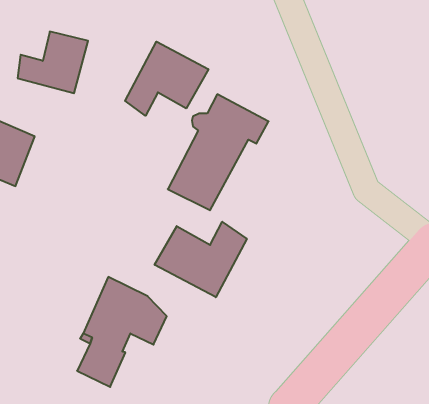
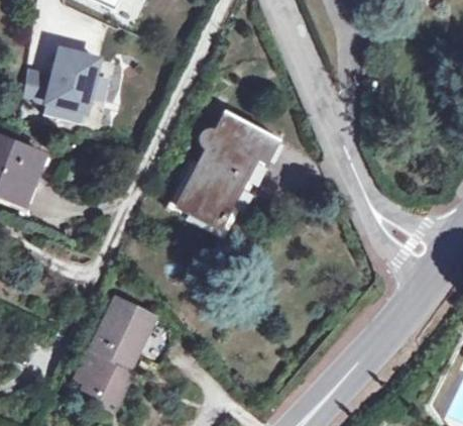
building: [125,42,208,116] -> none
building: [155,222,247,297] -> none

